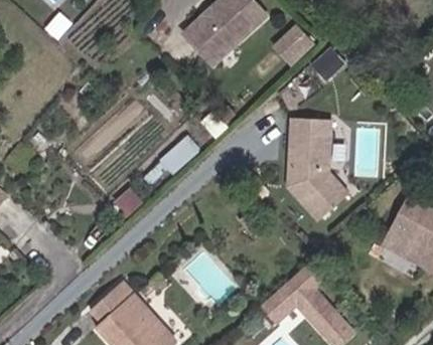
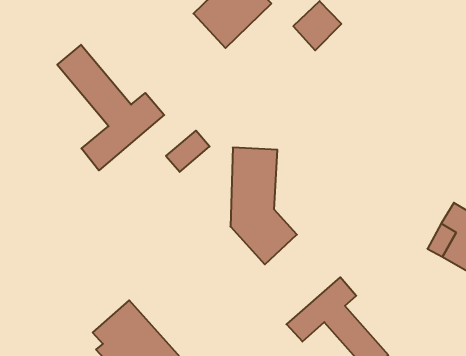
building: none -> [57,45,164,170]
building: [290,119,348,221] -> [230,148,297,264]

